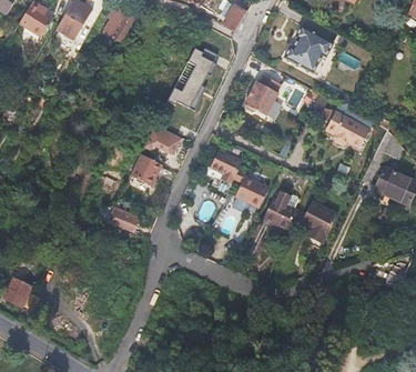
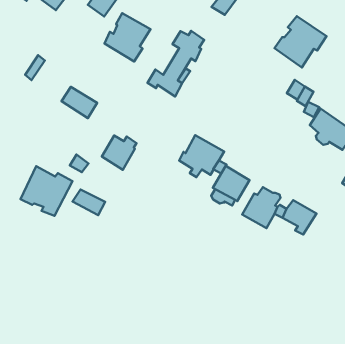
building: none -> [105,13,151,61]
building: [245,76,281,117] -> none
building: [148,125,182,154] -> [61,87,97,118]
building: none -> [20,166,72,216]

